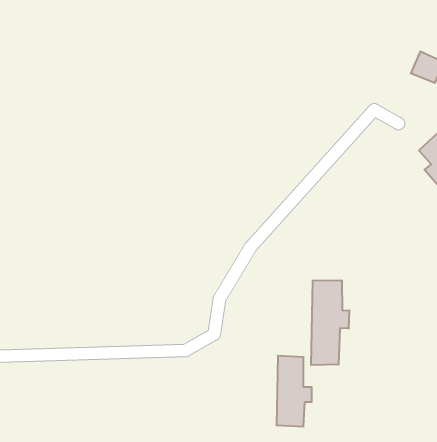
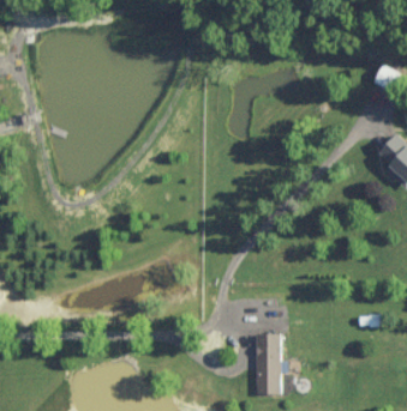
building: [311,280,349,365] -> none

